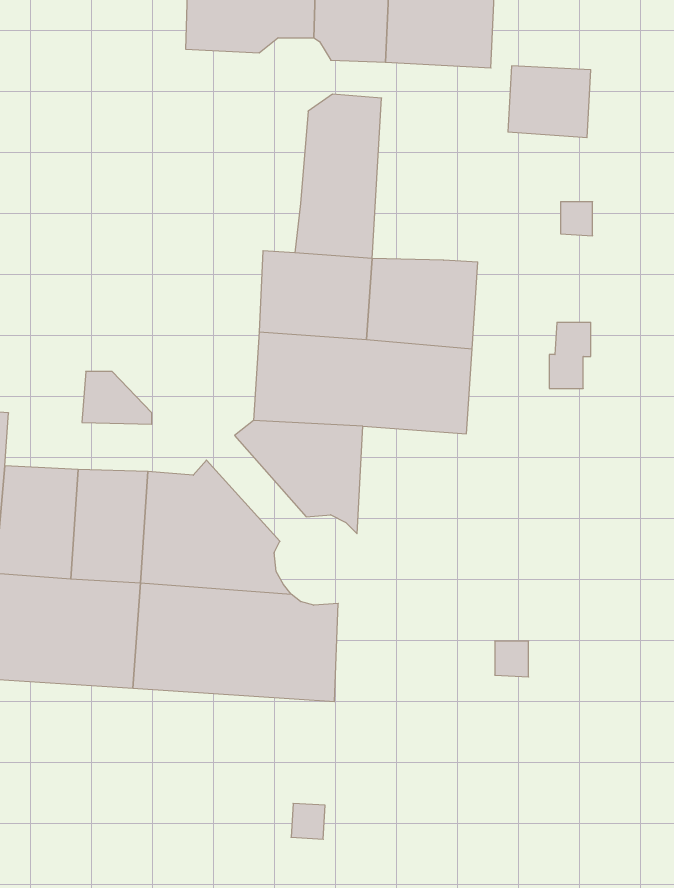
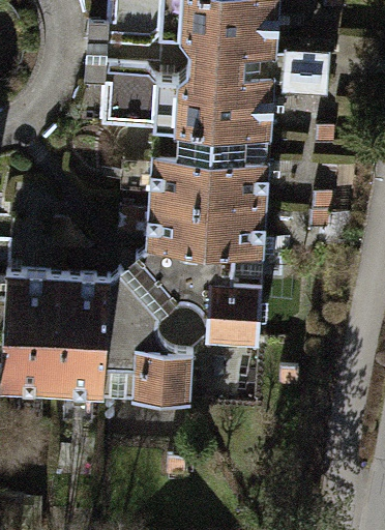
building: none -> [101,68,175,131]
building: none -> [210,73,274,163]
building: none -> [202,254,265,344]

